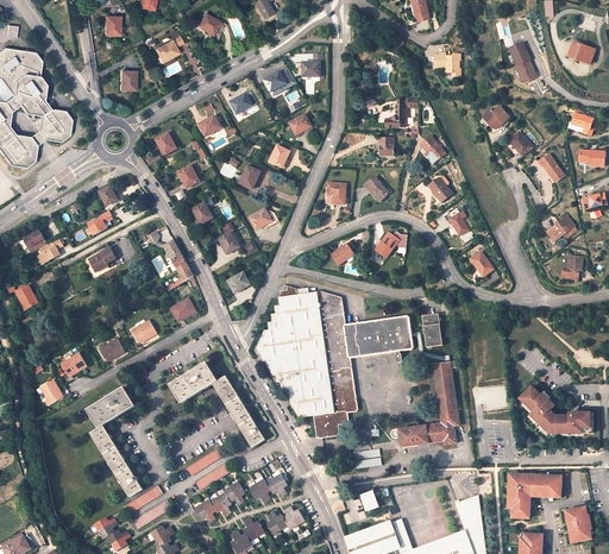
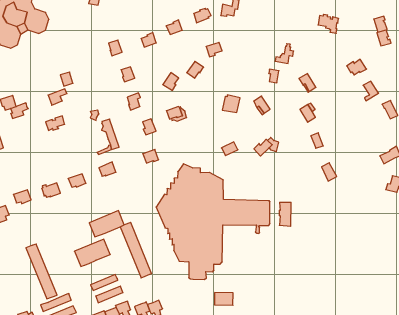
building: [391,359,460,446] -> none
building: [86,385,134,427] -> [74,239,110,266]
building: [521,385,592,433] -> none

